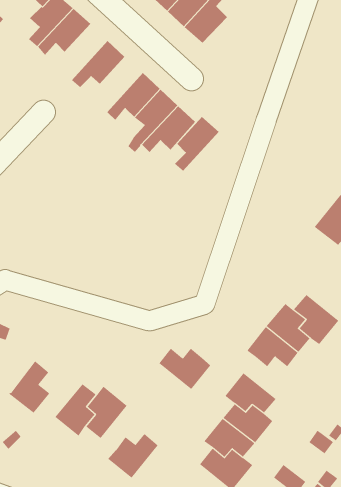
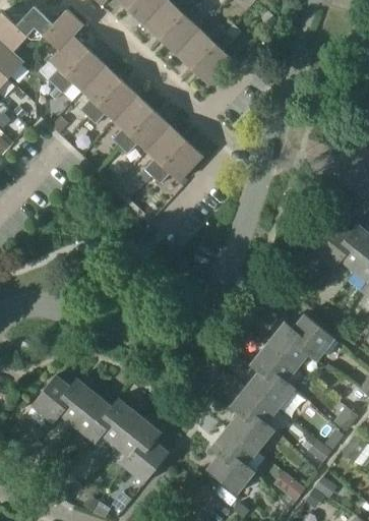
building: none -> [79,64,121,116]
building: [174,116,220,171] -> [112,95,153,146]
building: [158,348,211,390] -> [246,371,295,410]
building: none -> [58,378,98,426]
building: none -> [115,416,161,457]

